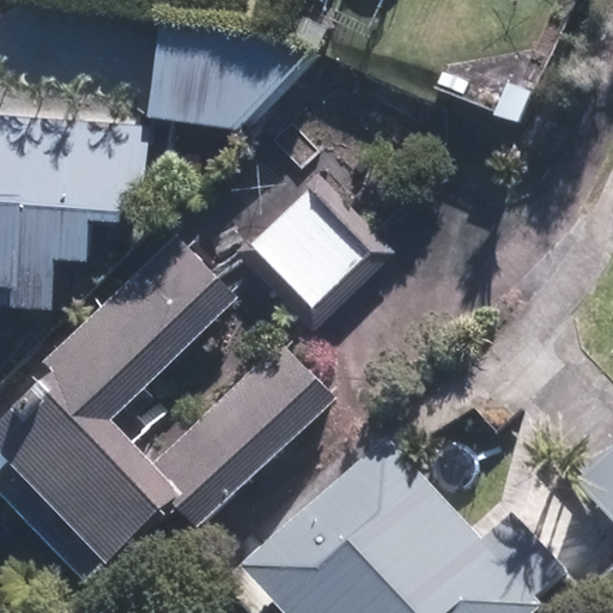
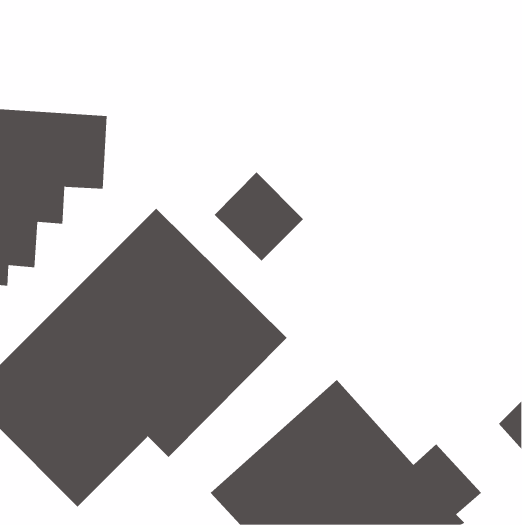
building: [146,37,297,128] -> none

